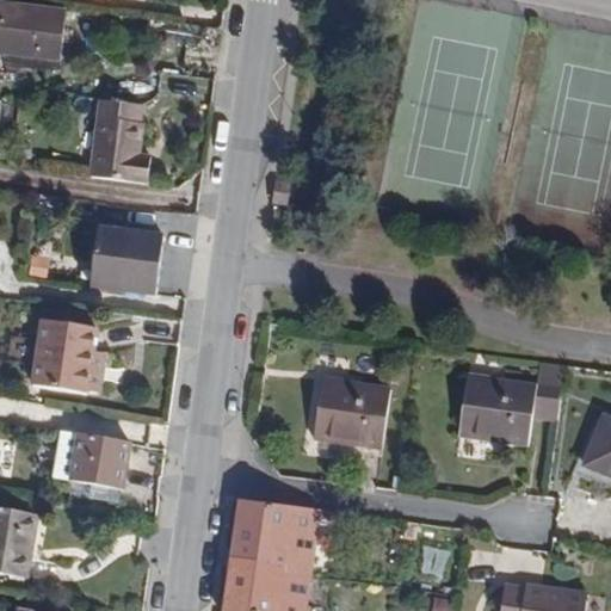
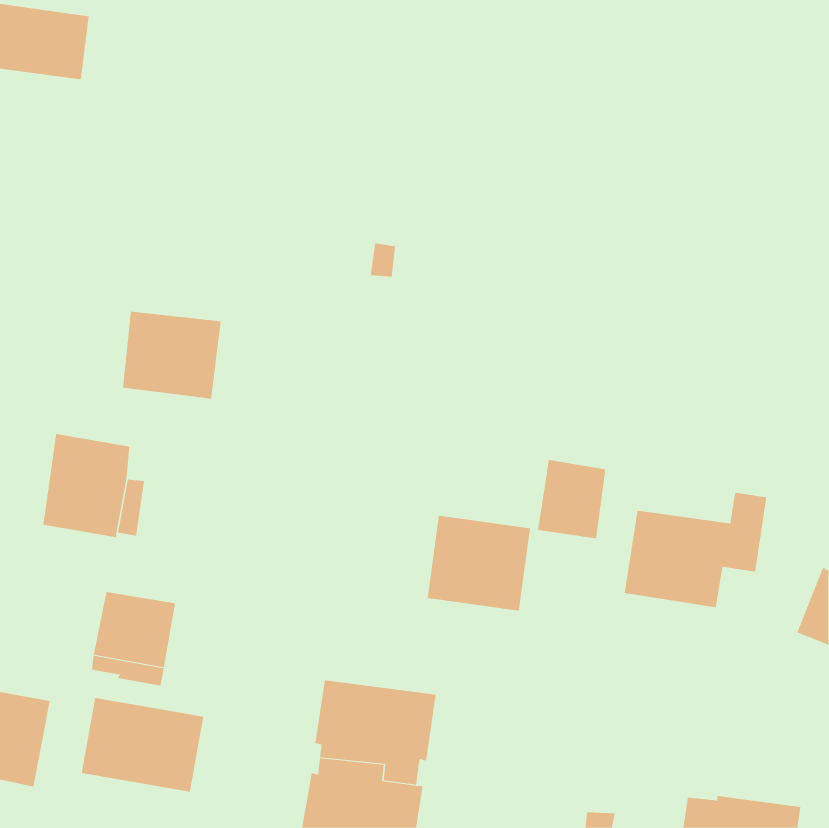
building: [87,99,148,183] -> none
building: none -> [537,459,606,539]
building: none -> [81,697,204,793]

